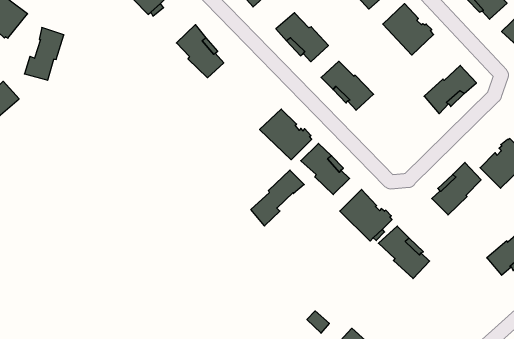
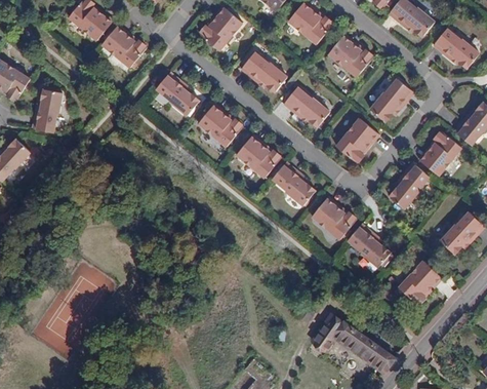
building: none -> [197,104,242,145]
building: none -> [336,118,379,162]
building: [251,170,304,226] -> none
building: none -> [403,264,447,309]

